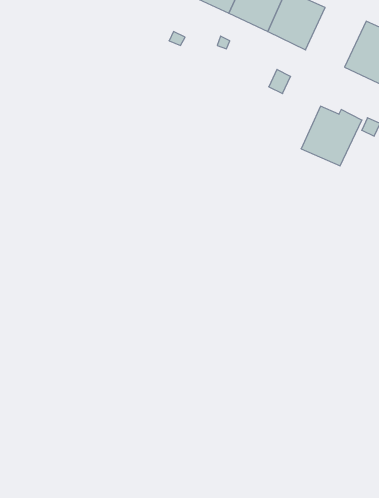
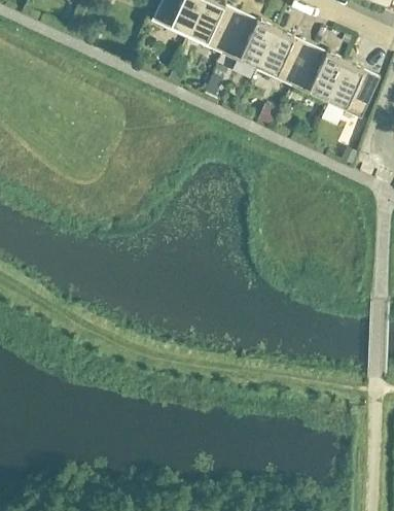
building: [301,106,362,166] -> [290,46,345,100]

